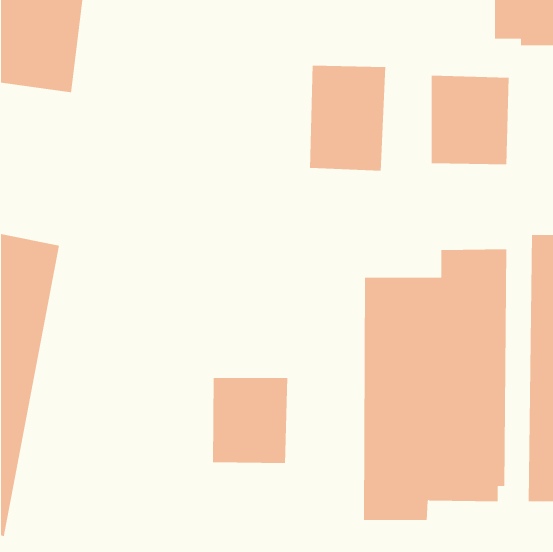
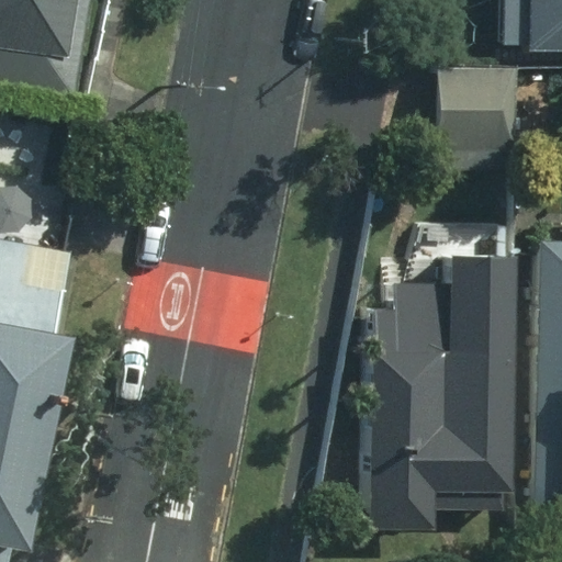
building: [310,65,386,171] -> none
building: [213,377,288,464] -> none

